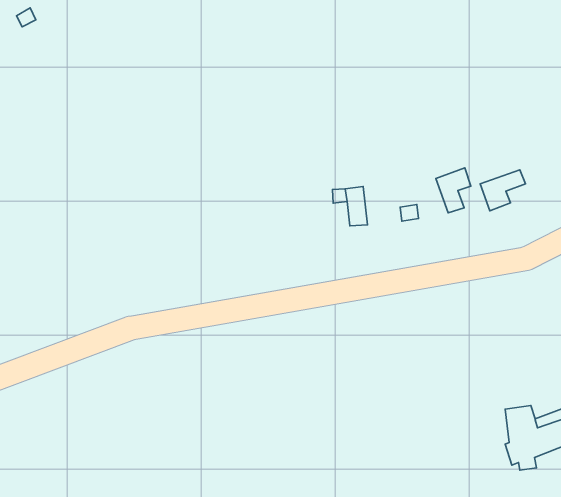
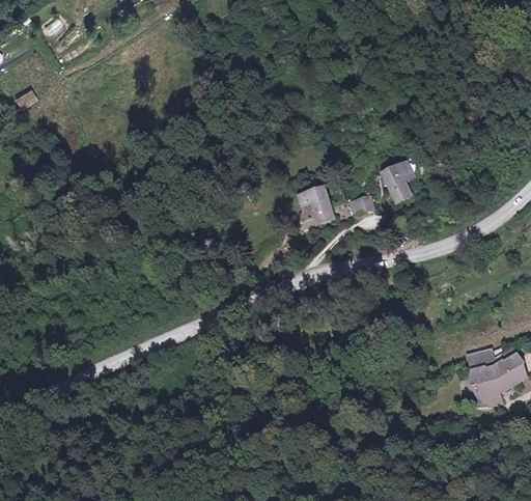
building: [480,170,525,211] -> none

